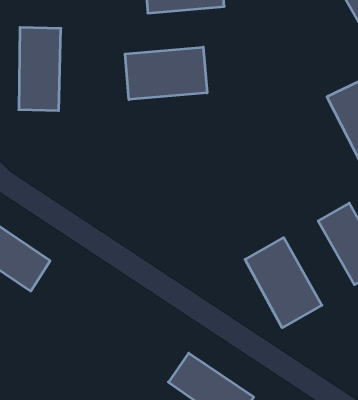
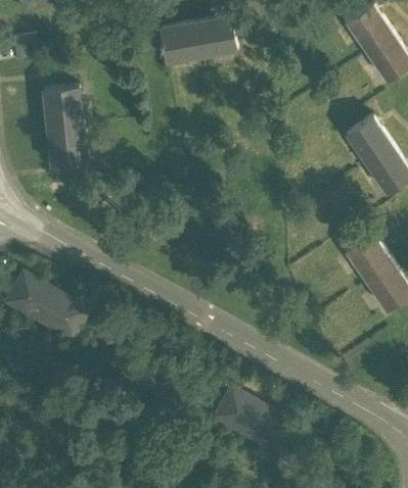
building: [125,47,207,100] -> none
building: [245,238,322,328] -> none

